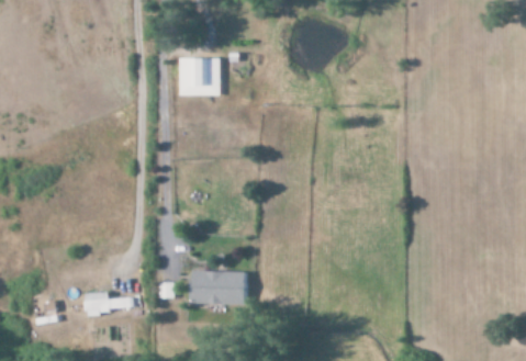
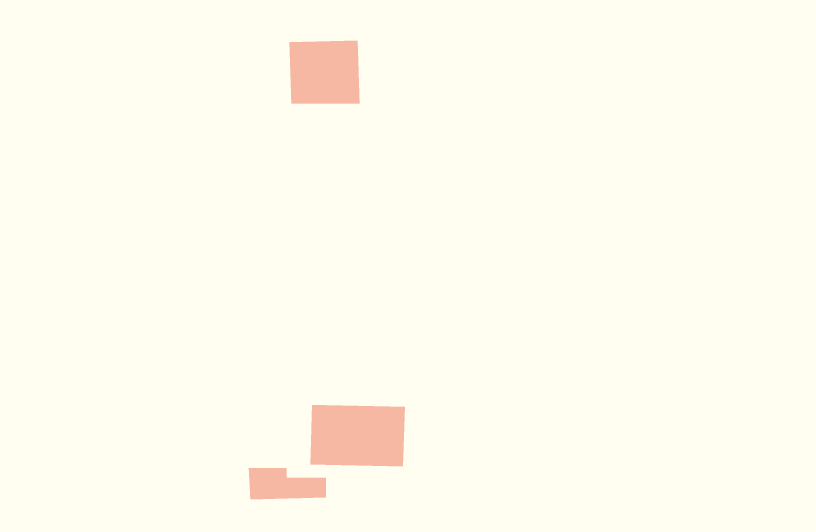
building: [85,292,131,311] -> [248,468,327,500]

